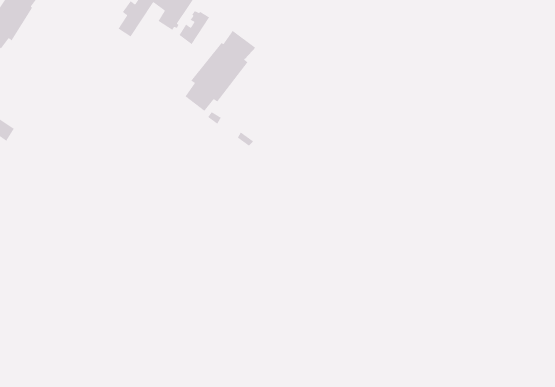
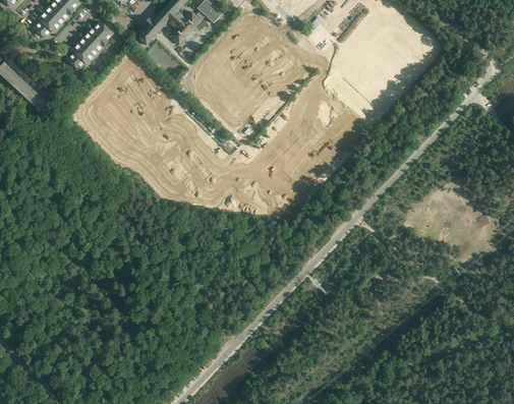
building: none -> [65,20,113,70]
building: [184,30,256,112] -> none

